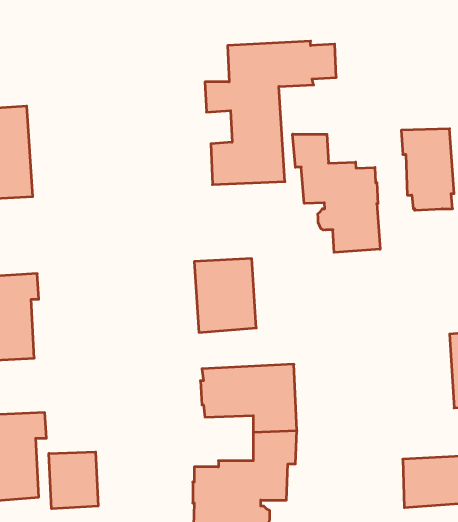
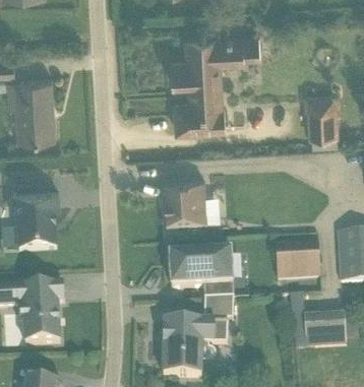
building: [293,134,380,252] -> none
building: none -> [275,241,320,277]
building: [49,452,98,509] -> none

